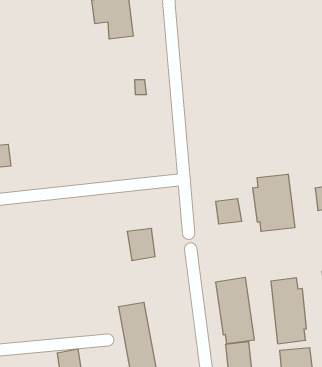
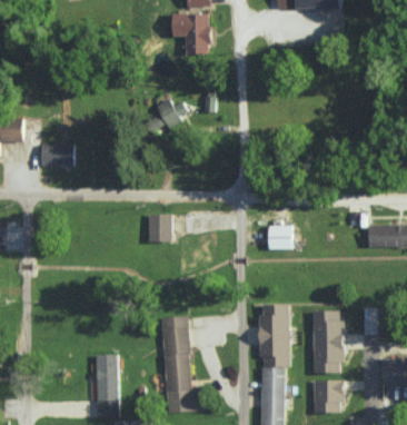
building: none -> [147,99,188,132]
building: [253,174,295,232] -> none
building: [127,229,155,261] -> [147,214,171,243]

